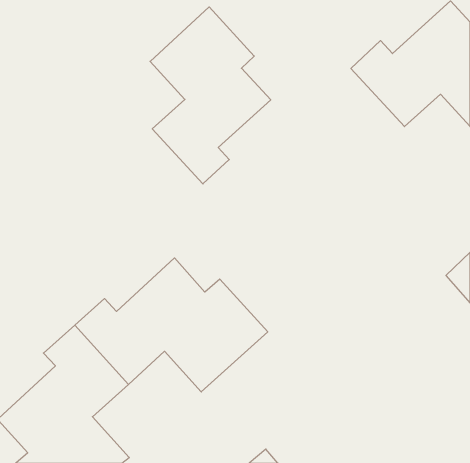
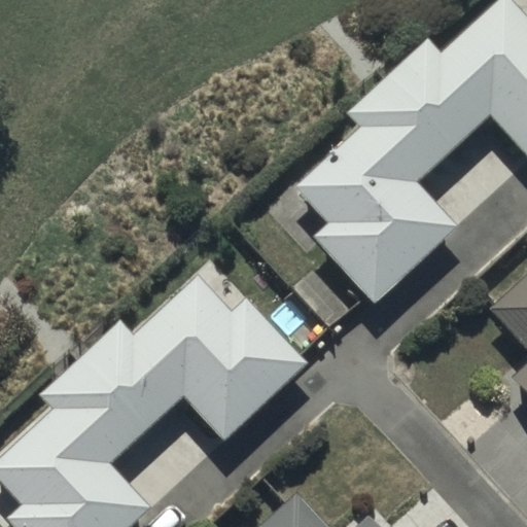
building: [150,7,271,184] -> none
building: none -> [305,76,452,291]

